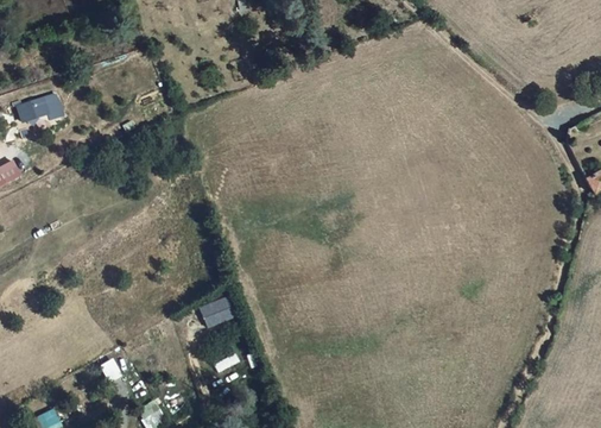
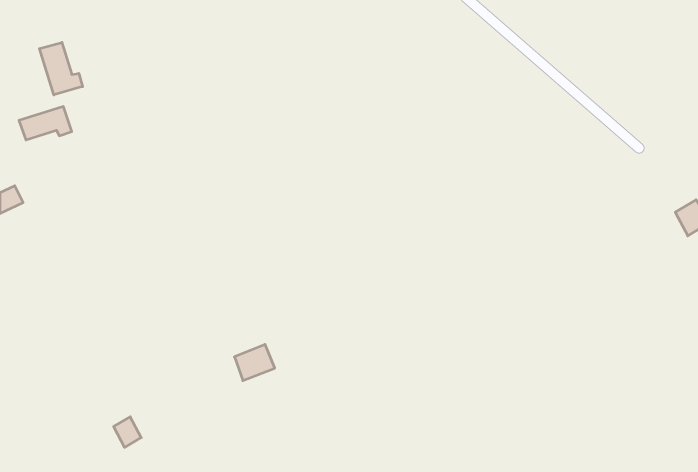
building: none -> [39,42,83,95]

